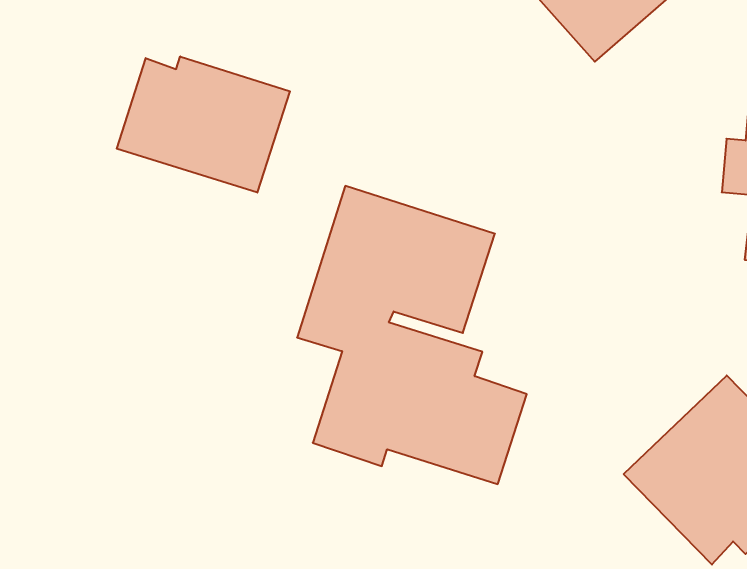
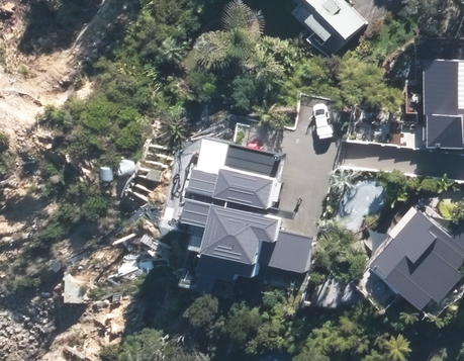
building: [117,56,290,193] -> none

